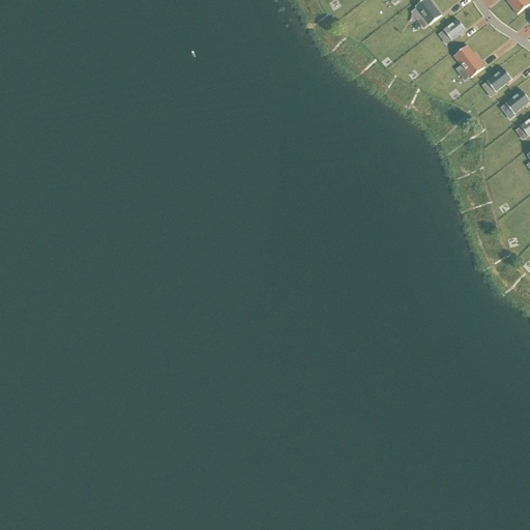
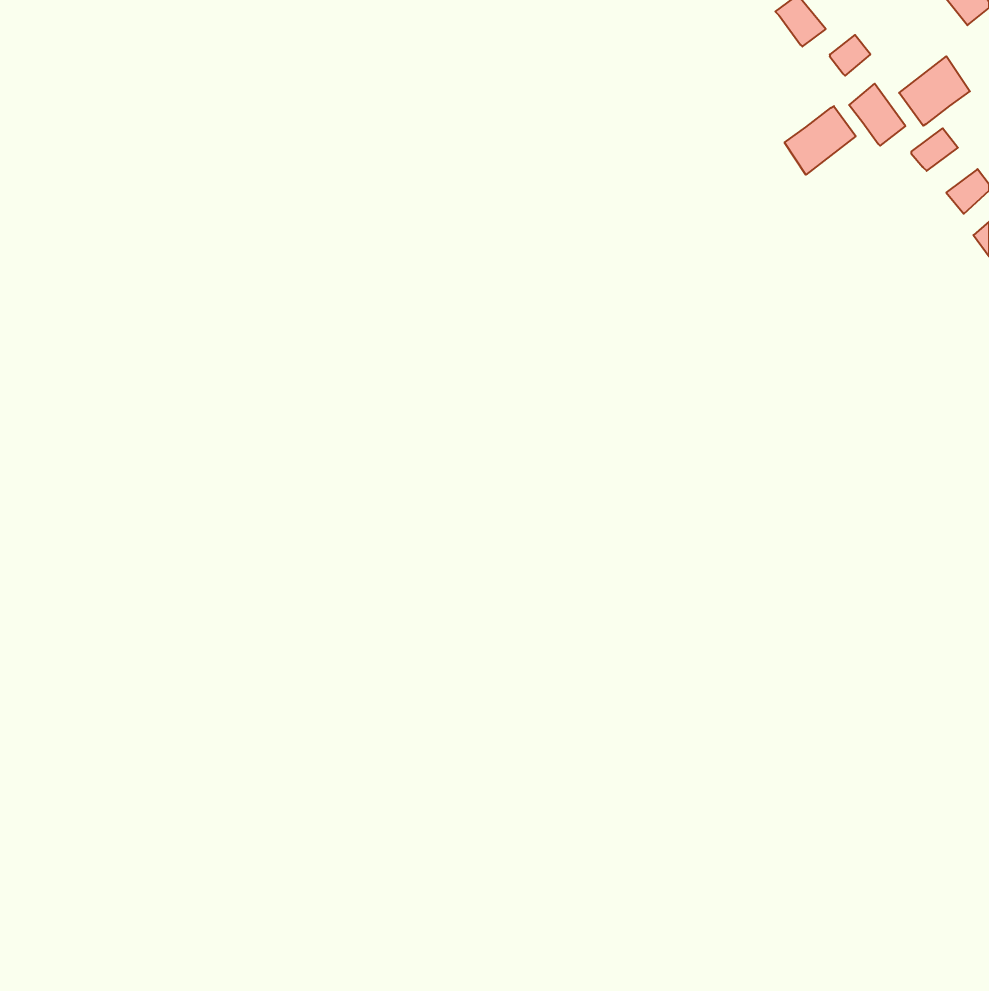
building: none -> [899,56,970,126]
building: none -> [785,106,856,175]

